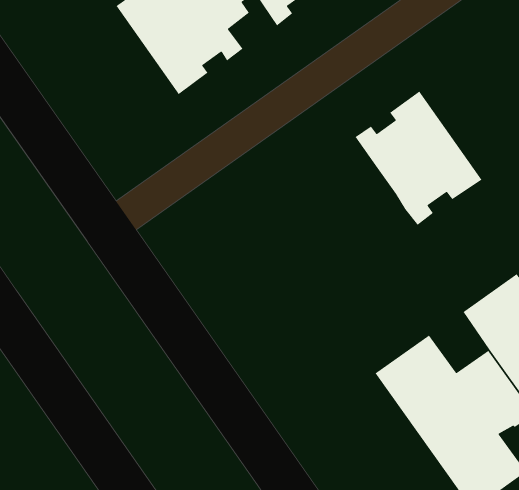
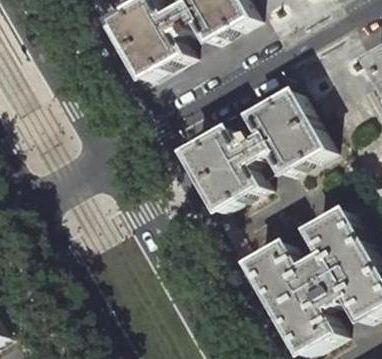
building: none -> [184,129,275,212]

